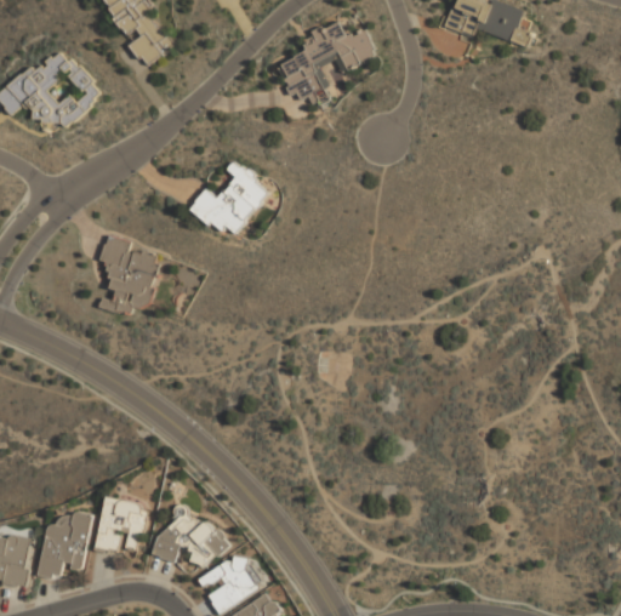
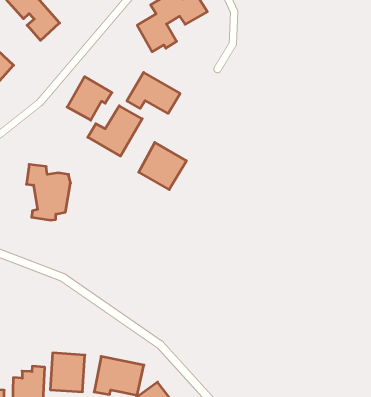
building: none -> [67,77,112,120]
building: none -> [127,72,180,113]
building: none -> [139,142,186,190]

